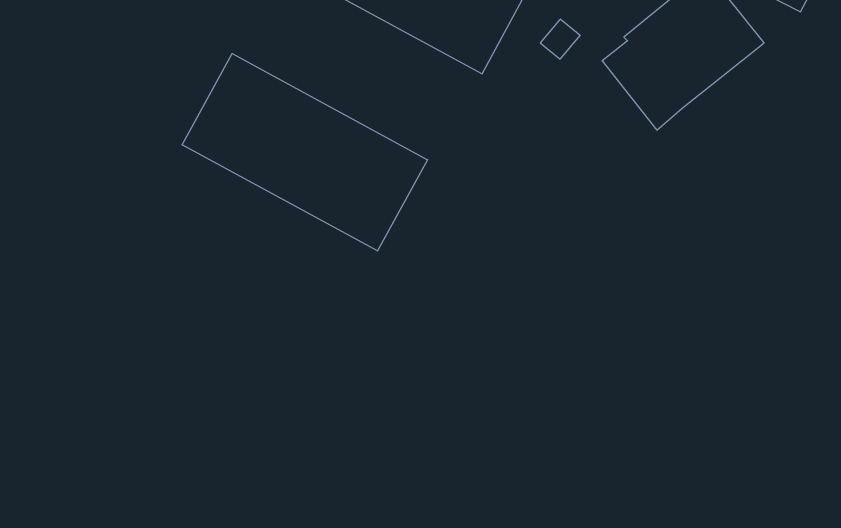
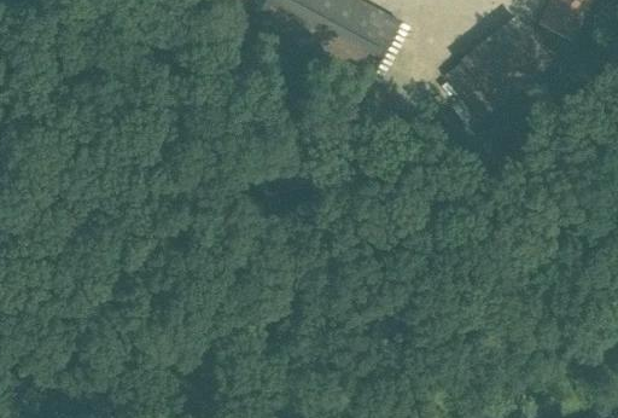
building: [182,54,428,251] -> none

